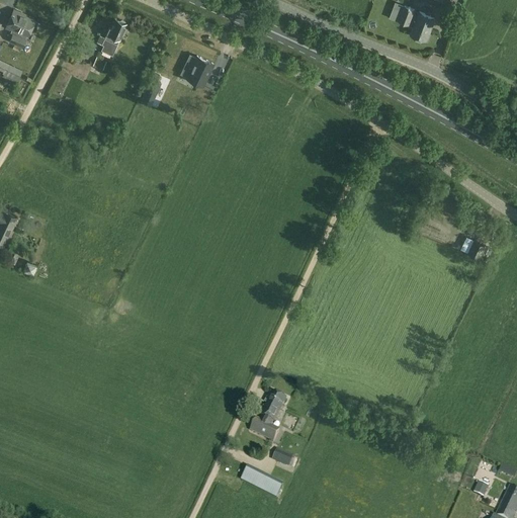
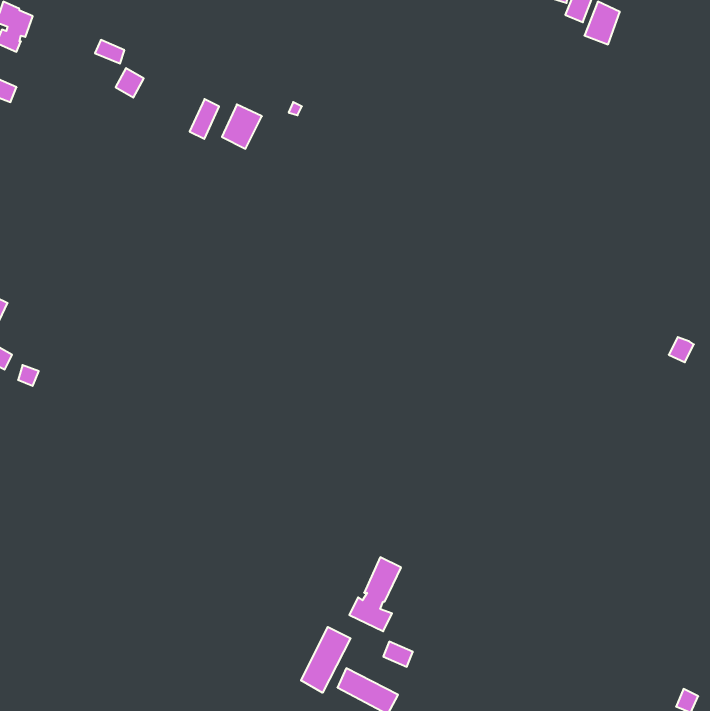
building: [101,18,126,55] -> none
building: [186,56,213,86] -> [222,104,262,149]
building: none -> [301,627,351,693]

